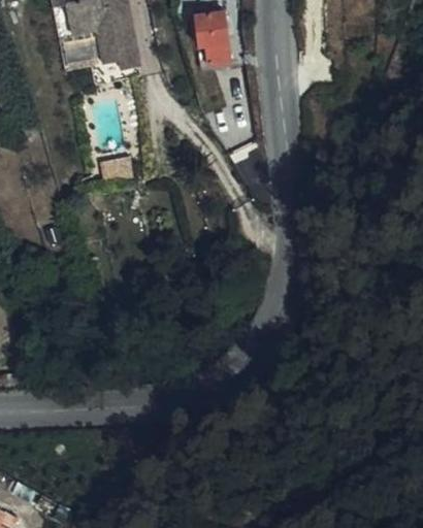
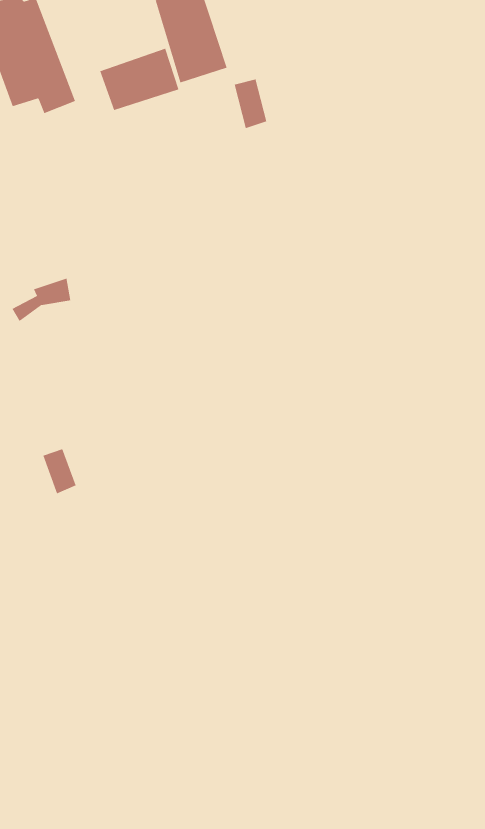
building: none -> [99,48,179,111]

